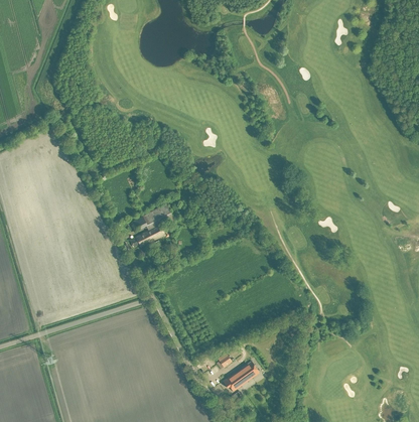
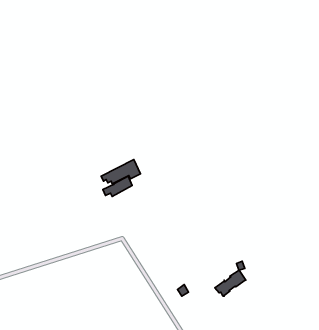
building: [222,362,259,393] -> [215,270,246,296]

